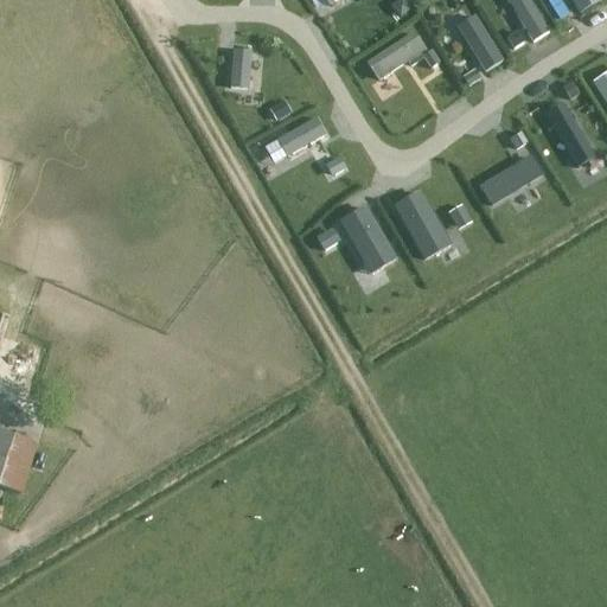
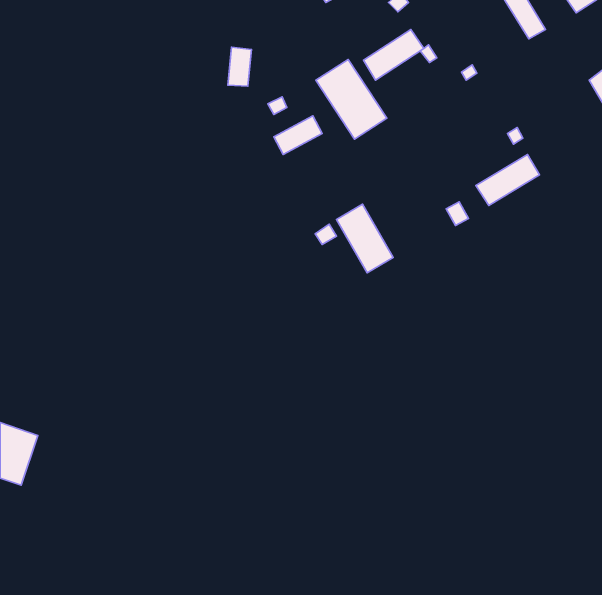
building: [458,14,503,70] -> none
building: none -> [316,59,387,139]
building: [547,102,595,166] -> none
building: [392,191,452,261] -> none

